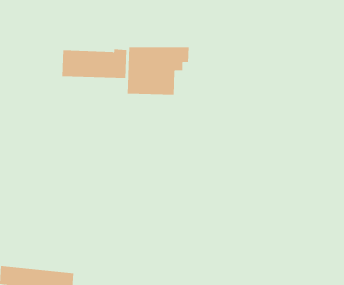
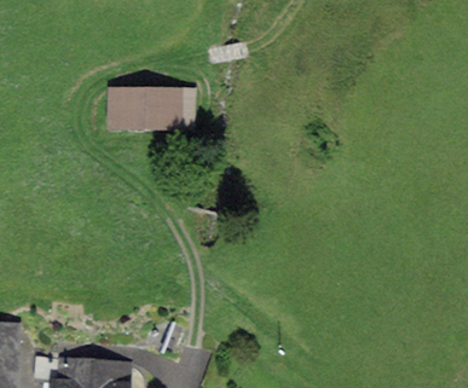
building: [127,46,189,96] -> none

